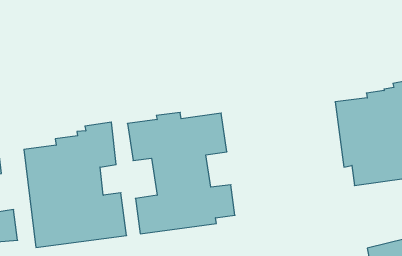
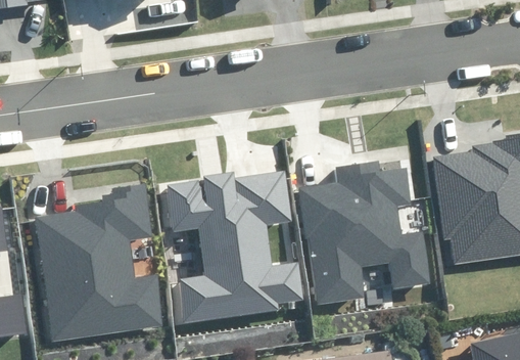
building: none -> [299,161,433,305]

